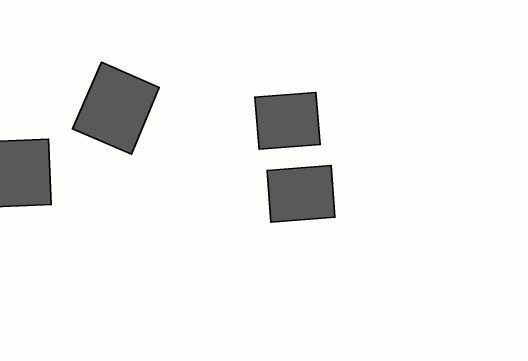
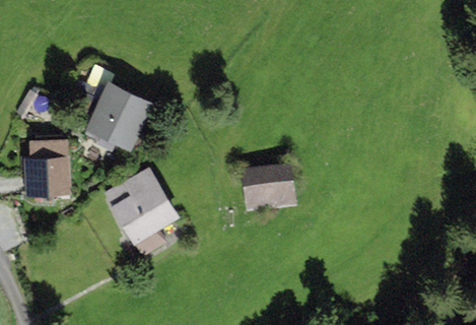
building: [255,93,320,149] -> none
building: none -> [101,166,180,247]

